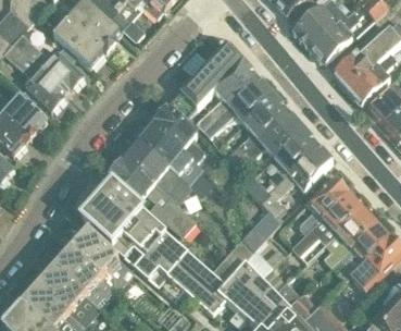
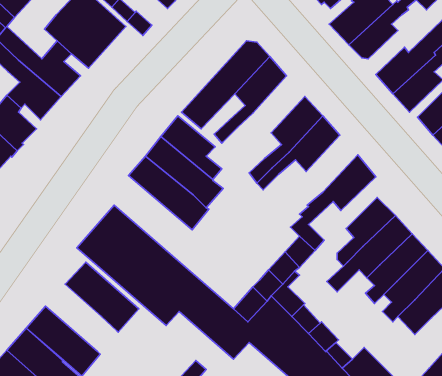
building: [203,74,272,136] -> none
building: [243,124,316,201] -> none
building: [110,158,196,236] -> none
building: [54,249,114,306] -> none

